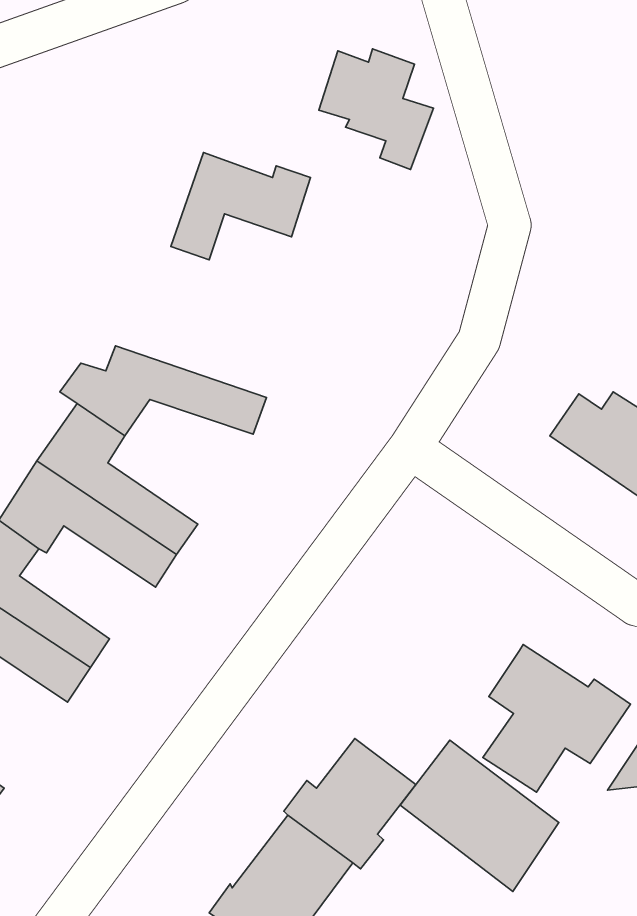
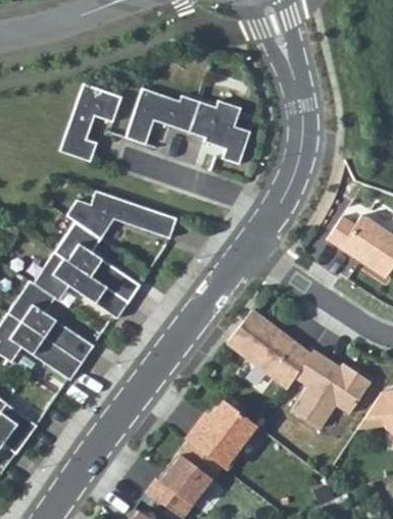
building: [319,49,434,169] -> [190,100,251,164]
building: none -> [59,84,121,161]
building: [400,740,559,891] -> [227,309,311,390]

